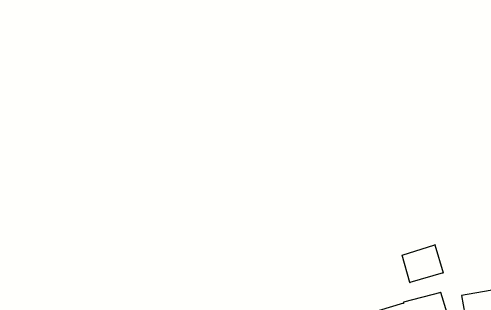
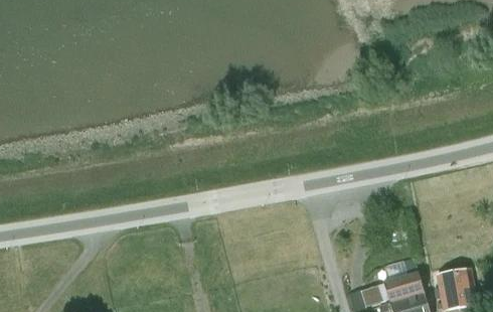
building: [402,245,443,283] -> none

